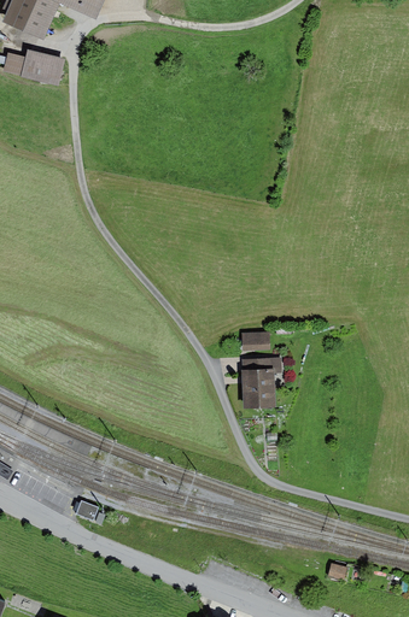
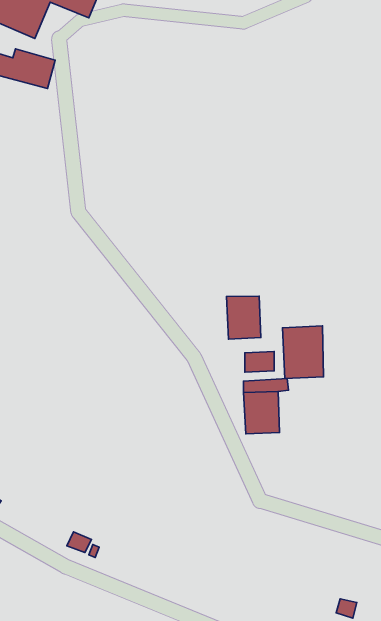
building: none -> [227,296,261,339]
building: none -> [282,326,323,379]

